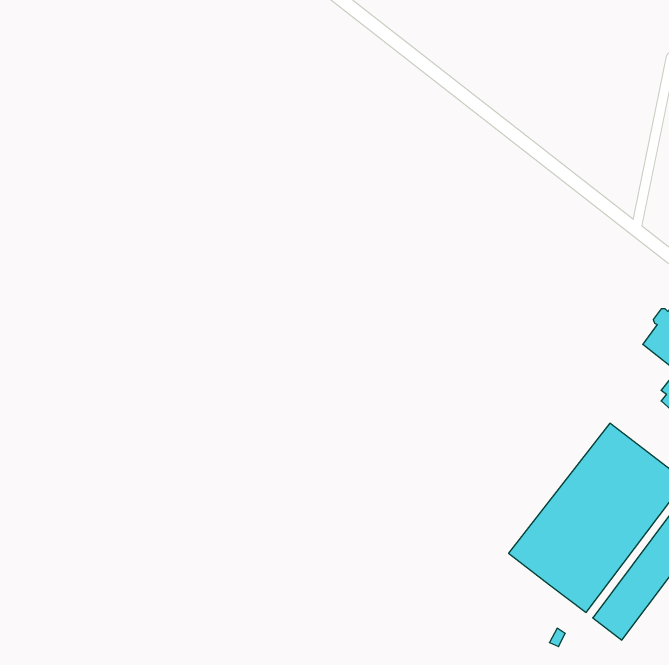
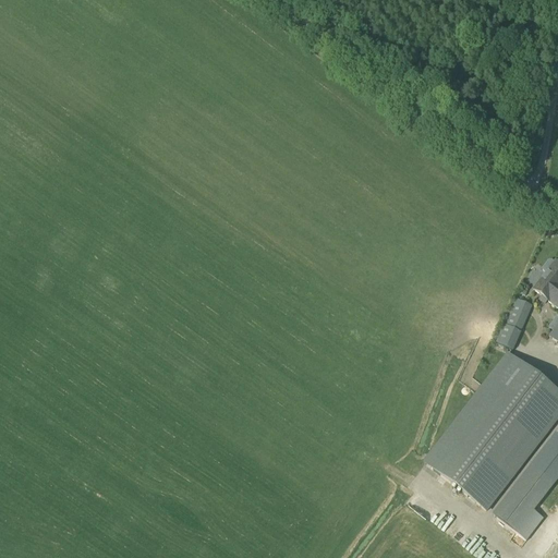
building: none -> [497,295,533,347]

